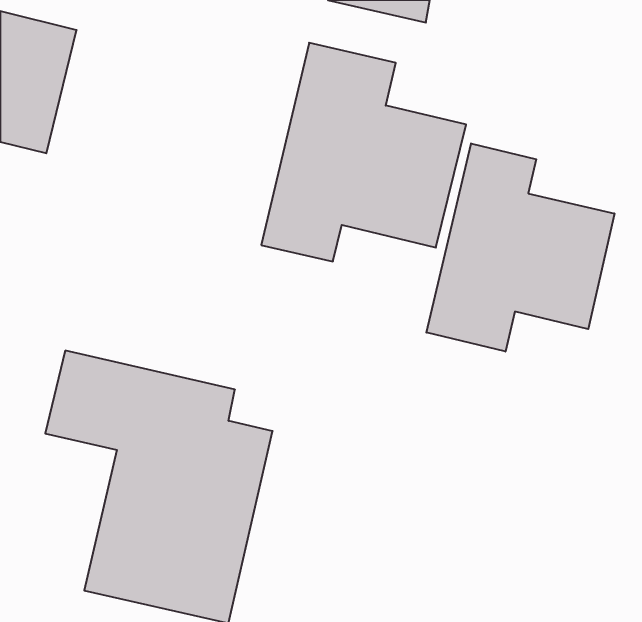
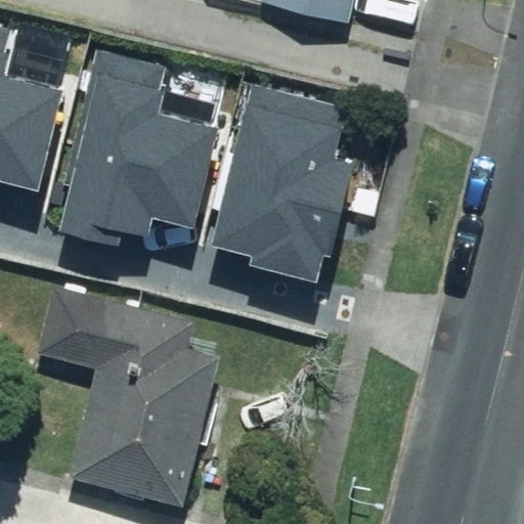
building: none -> [55,29,221,208]
building: [426,143,614,352] -> none

